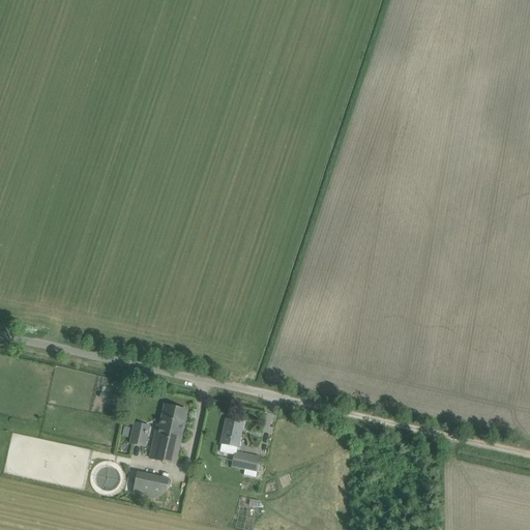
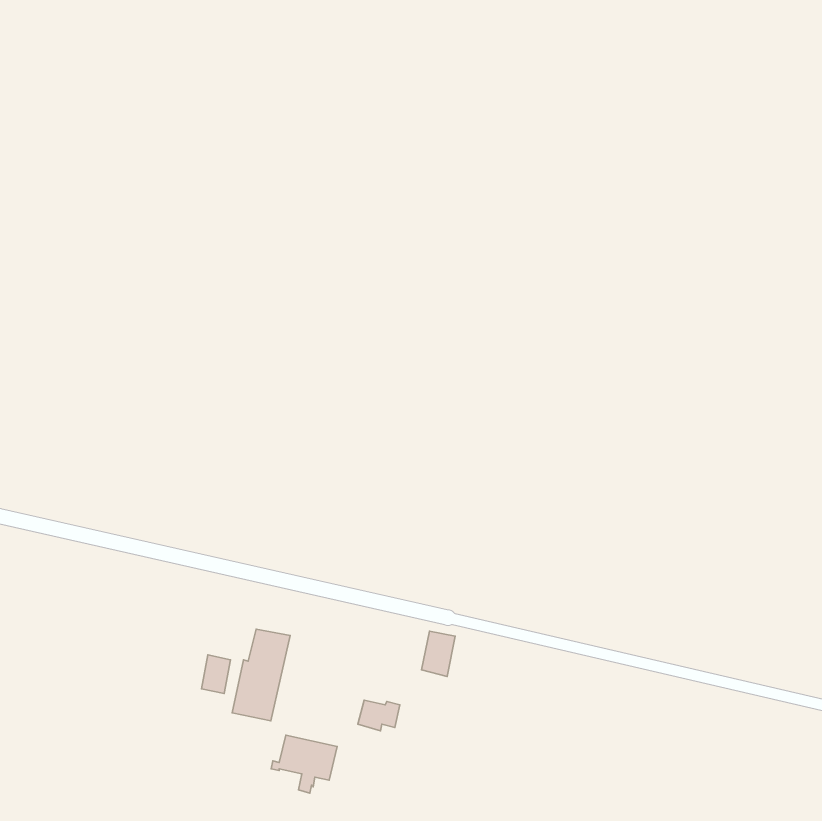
building: [220,417,242,446] -> [421,631,455,676]
building: [126,470,169,507] -> [271,735,337,793]

